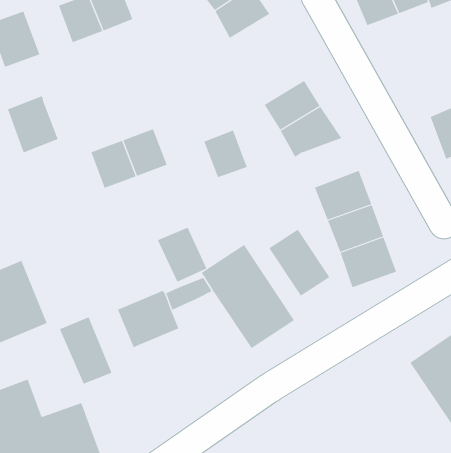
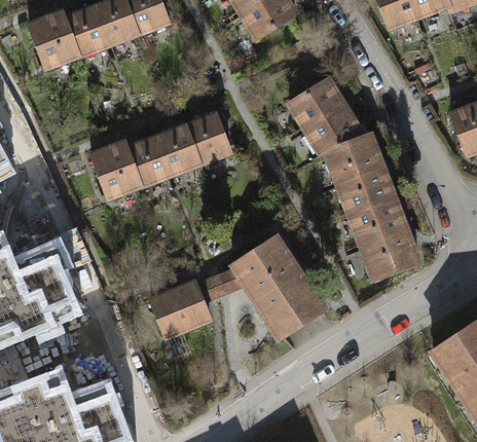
building: none -> [62,8,106,56]
building: [7,95,58,153] -> [87,142,137,197]
building: [204,130,247,178] -> [184,115,226,161]
building: none -> [326,135,381,183]
building: [157,227,207,282] -> none
building: [269,229,330,296] -> none
building: [59,317,112,385] -> none

